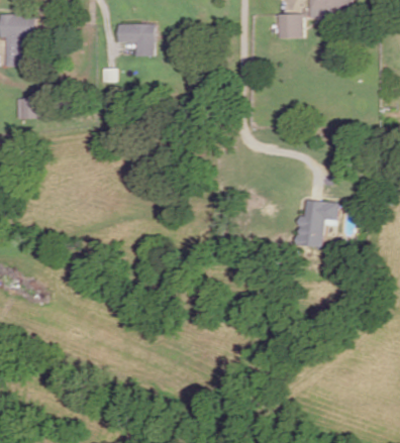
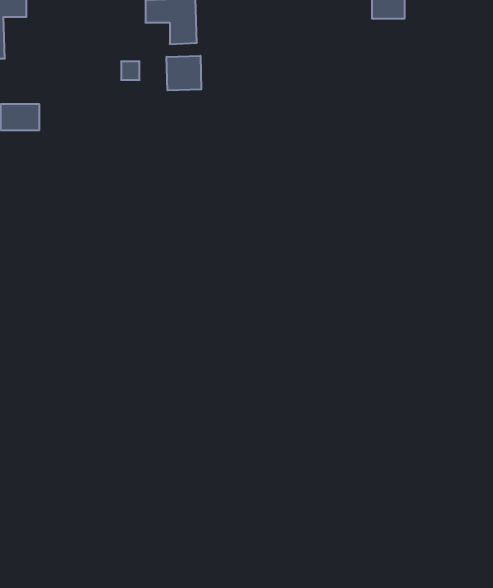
building: none -> [167,56,201,90]
building: [298,200,339,246] -> none

